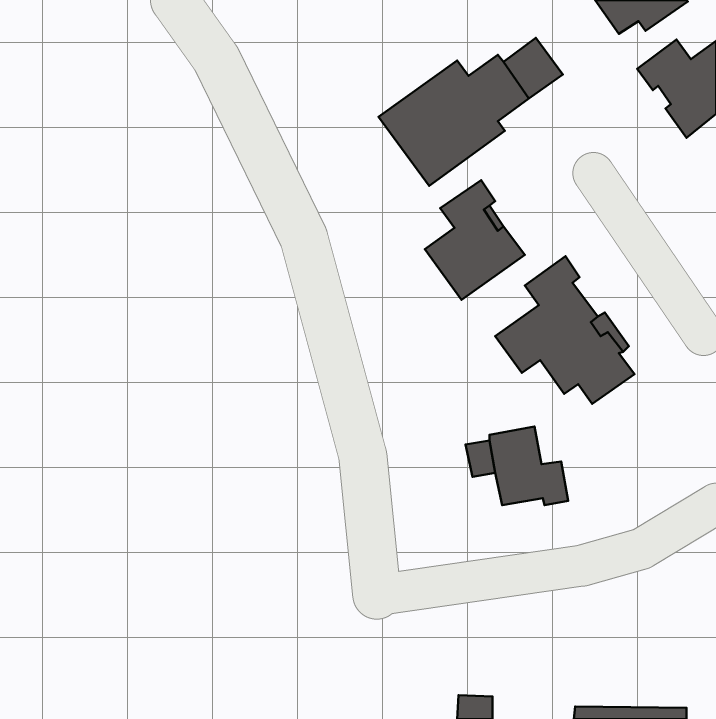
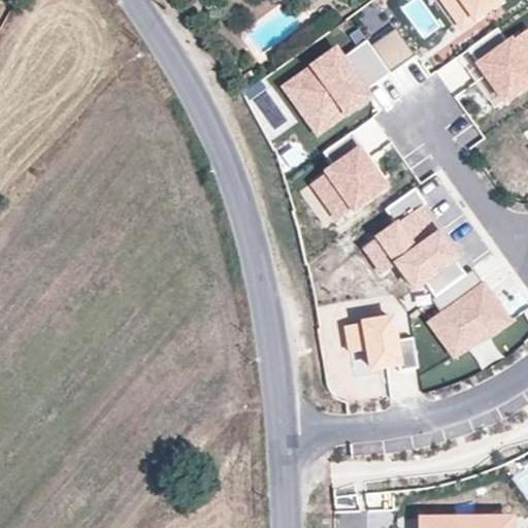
building: none -> [429,269,510,362]

